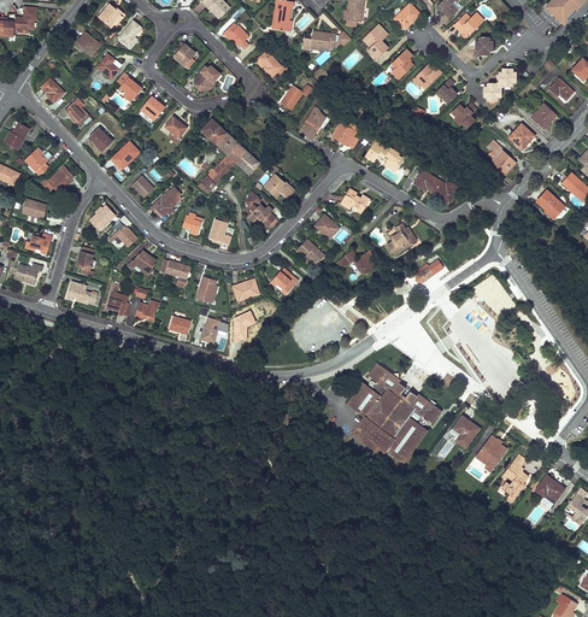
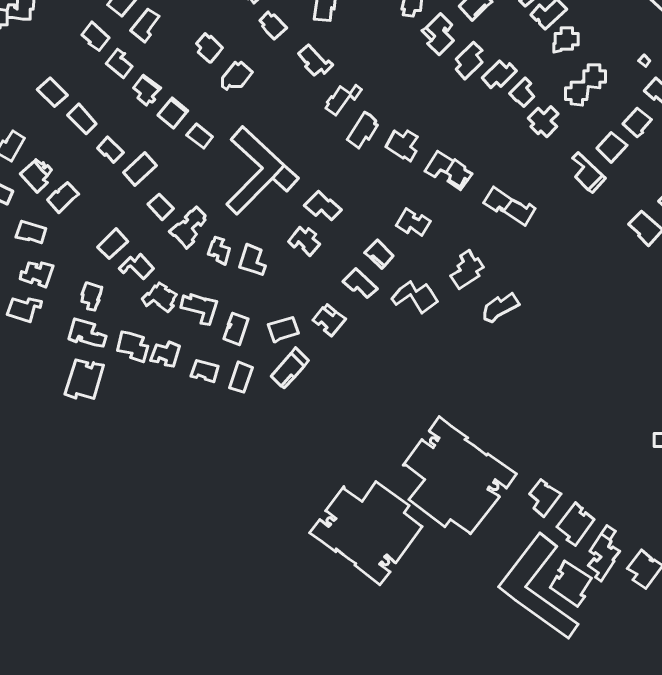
building: [301,31,349,49] -> none
building: none -> [65,360,103,398]
building: none -> [309,482,422,585]
building: none -> [498,533,578,638]
building: none -> [550,561,591,607]

